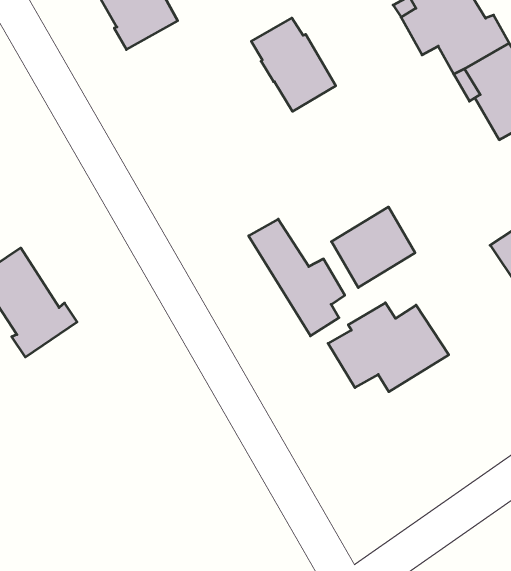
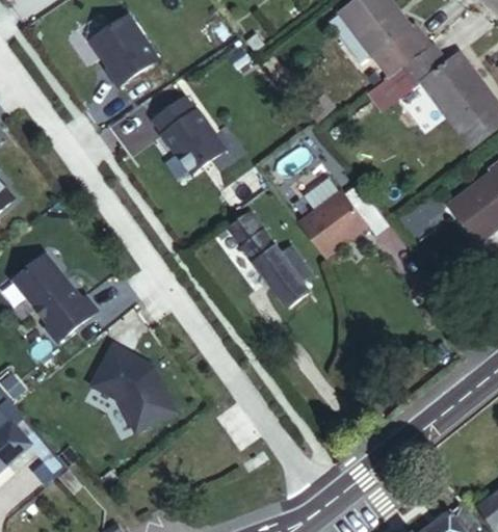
building: [251,18,336,111] -> [154,97,226,172]
building: [328,303,449,392] -> none
building: none -> [93,344,178,430]

